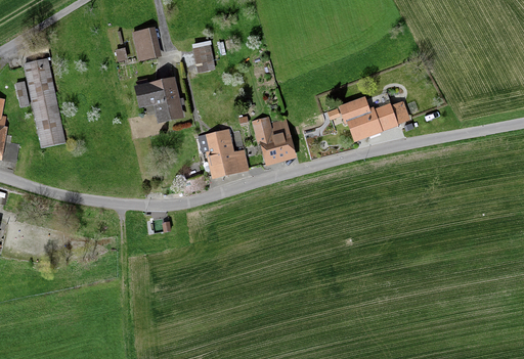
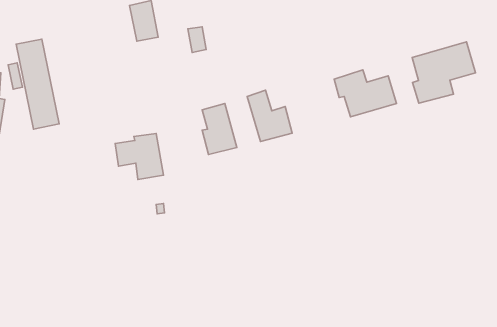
building: none -> [412,42,475,103]
building: [136,74,184,120] -> [115,133,163,179]

